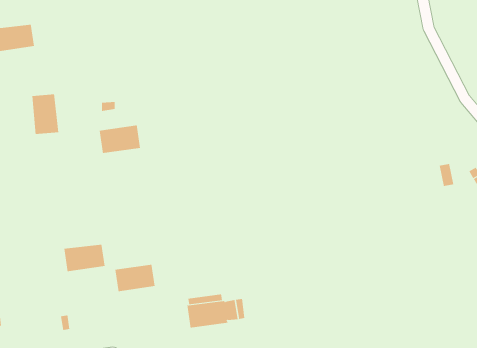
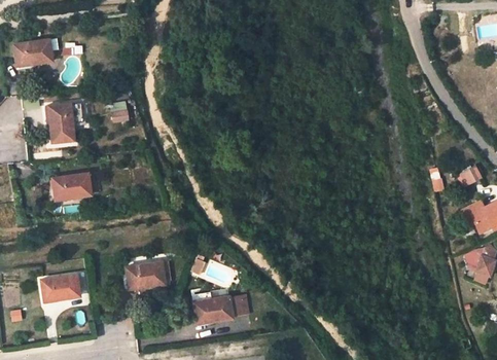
building: [99,125,141,154] -> [52,173,92,200]
building: [64,244,106,272] -> [41,275,80,300]

